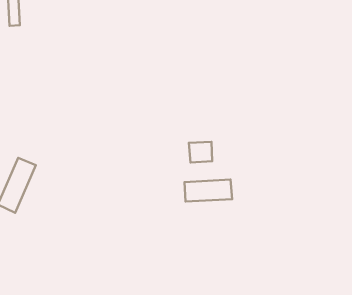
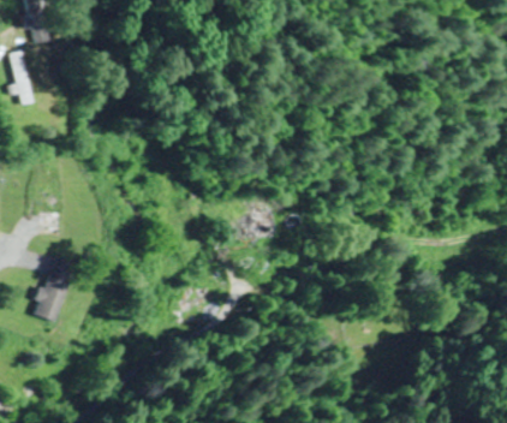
building: [185,179,232,201] -> none

